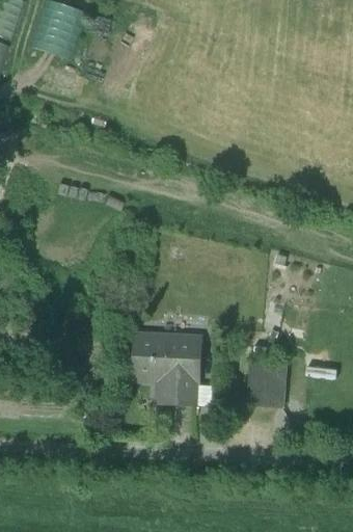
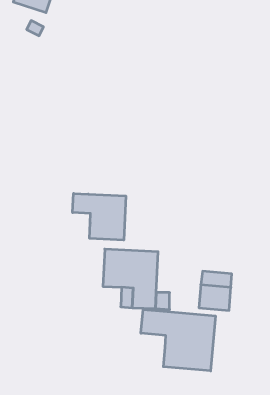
building: none -> [73,193,126,240]
building: none -> [141,310,215,371]

